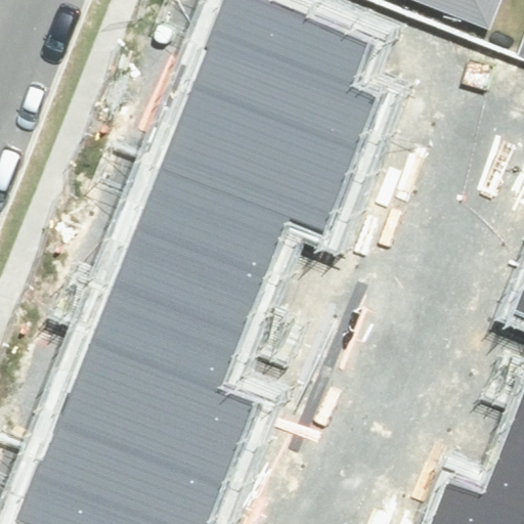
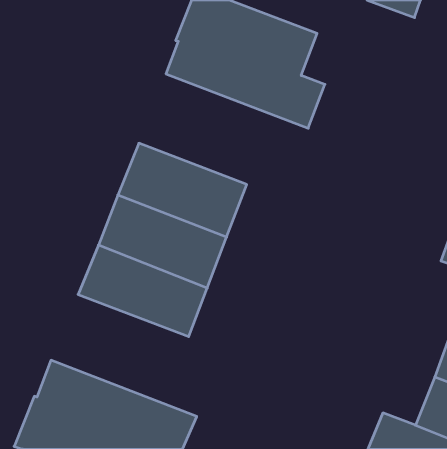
building: [164,86,361,230] -> none
building: [61,343,260,485] -> none

